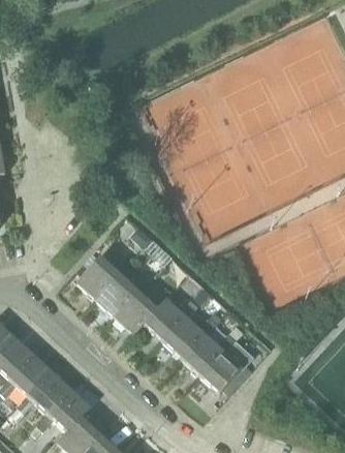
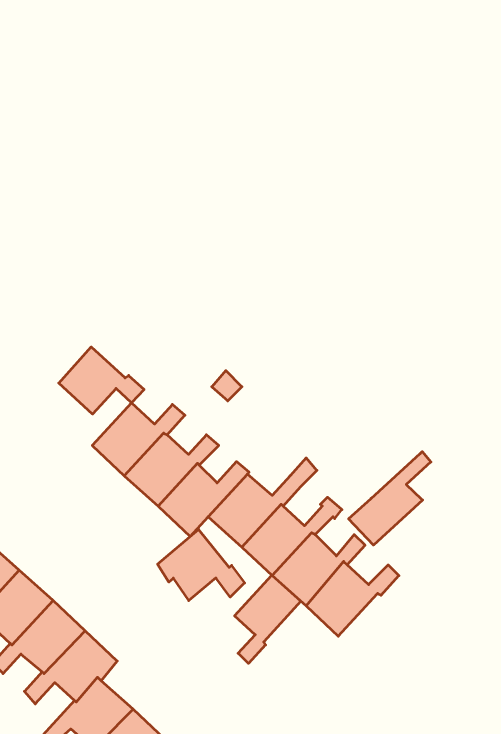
building: none -> [59,347,144,414]
building: none -> [349,452,431,545]
building: none -> [158,529,245,601]
building: none -> [235,575,301,663]

